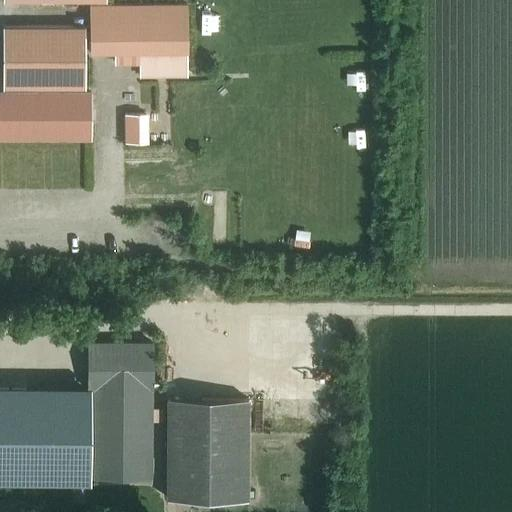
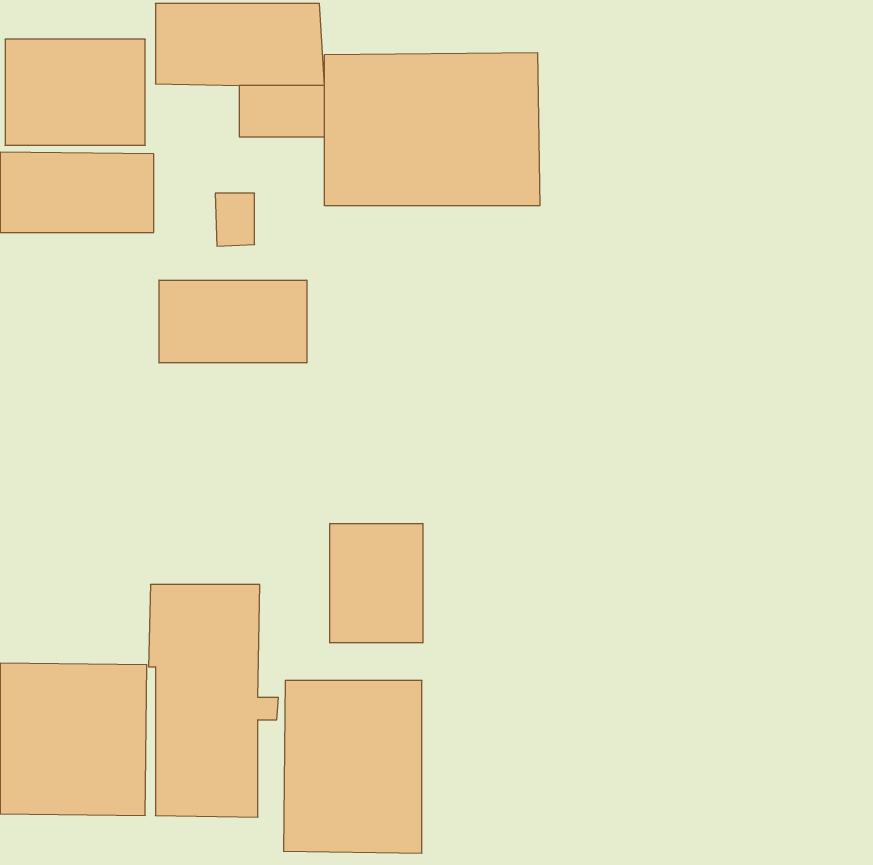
building: none -> [325,53,540,206]
building: none -> [159,280,307,363]
building: none -> [330,523,423,643]

